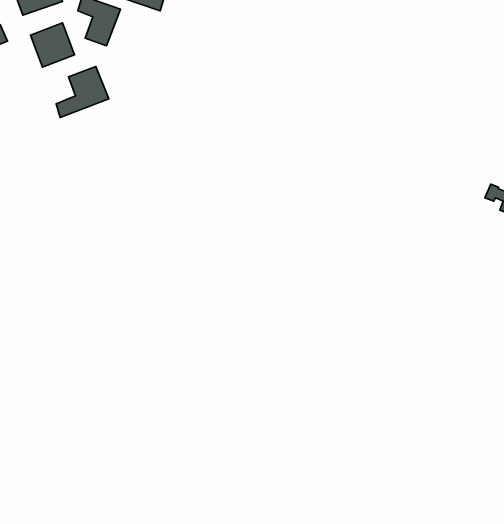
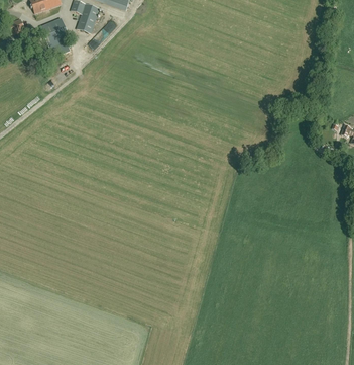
building: [56,67,109,117] -> none

